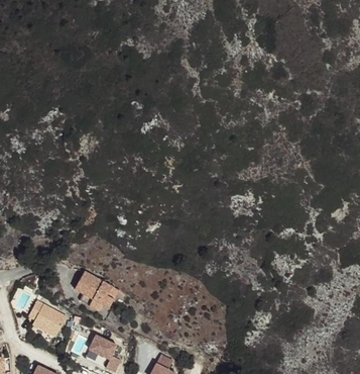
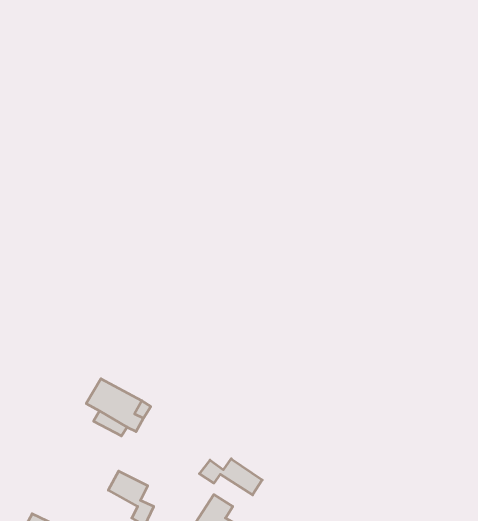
building: [27,300,66,337] -> none
building: none -> [199,459,262,495]

